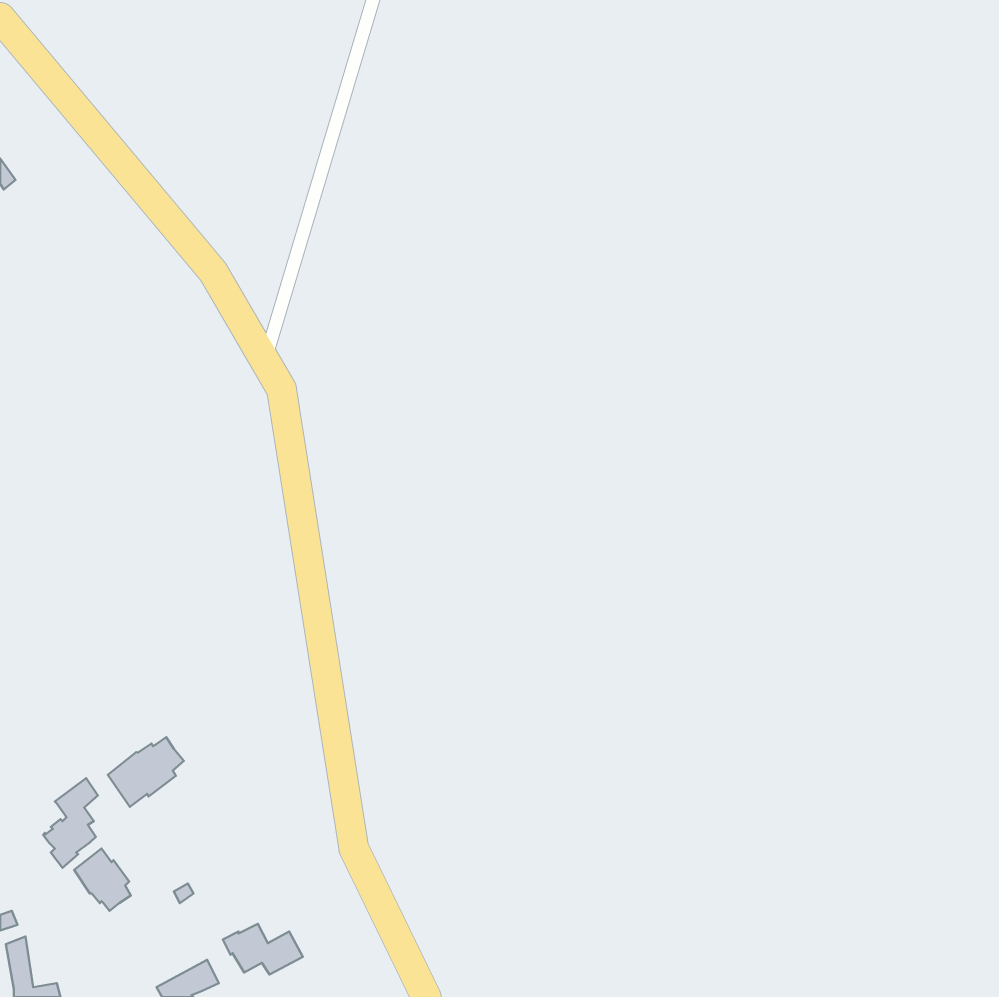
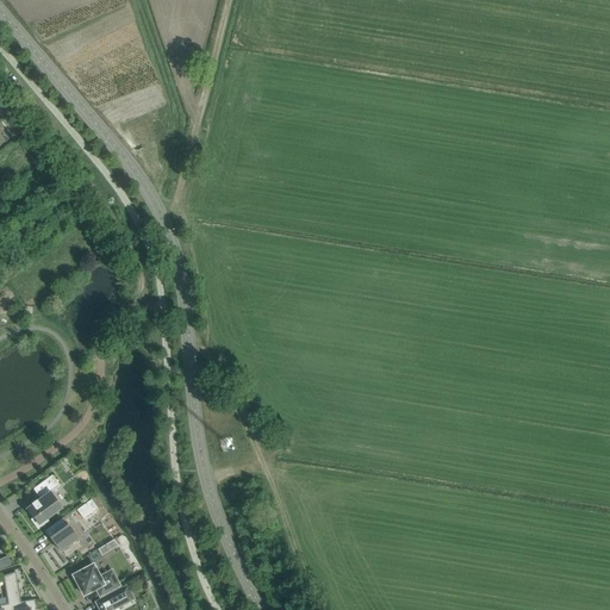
building: [108,737,184,807] -> none
building: [223,924,303,975] -> [71,565,120,596]

